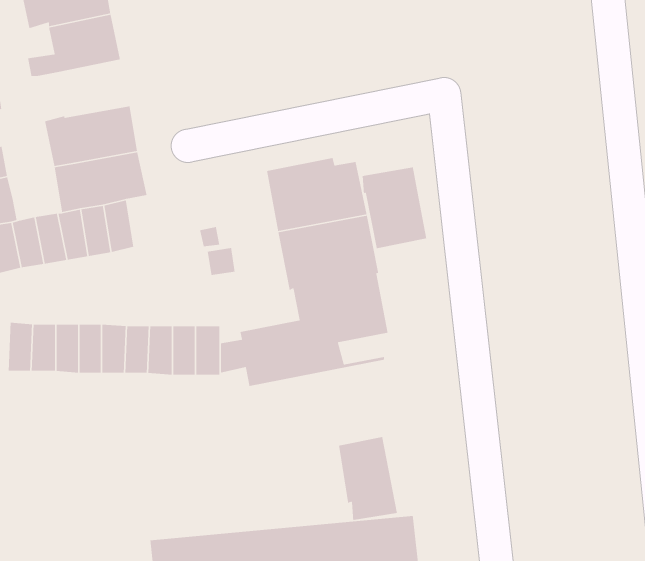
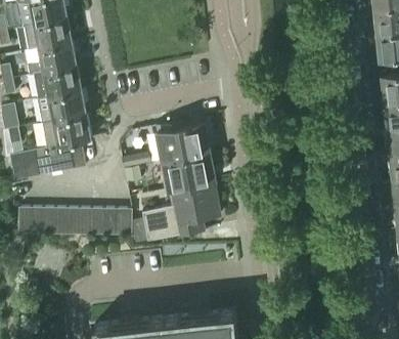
building: none -> [33,67,83,99]
building: [362,167,427,249] -> none
building: [338,436,398,521] -> none

